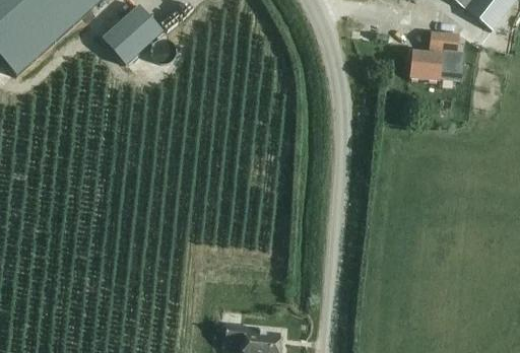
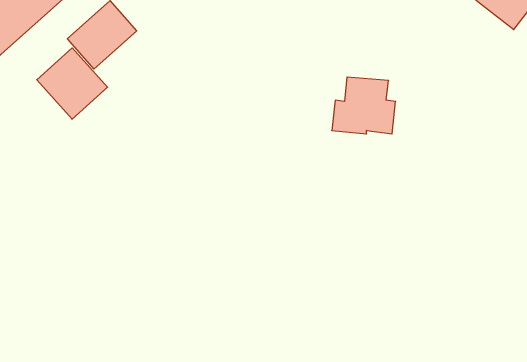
building: [408,30,464,80] -> [332,77,396,134]
building: none -> [37,48,108,119]

